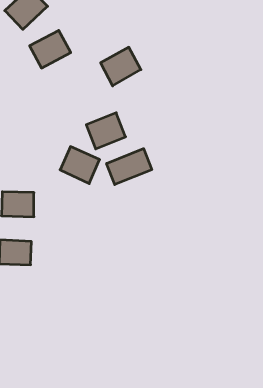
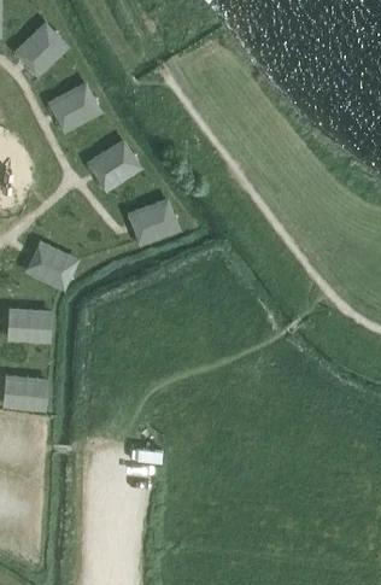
building: [101,47,141,86] -> [86,139,142,193]
building: [60,147,100,184] -> [24,240,80,292]
building: [107,149,152,185] -> none

